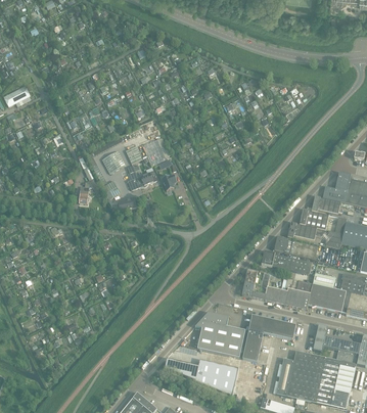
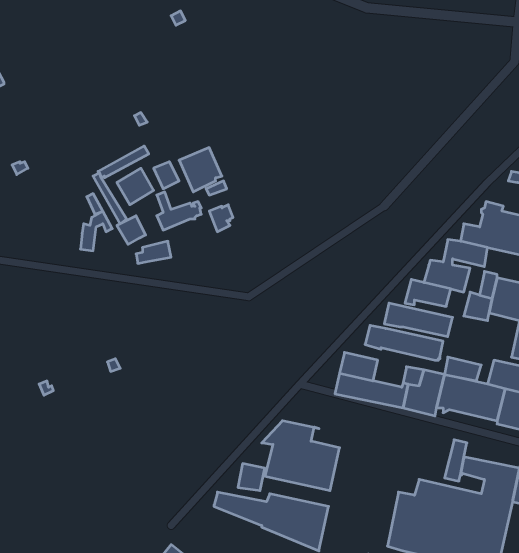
building: [242,315,296,362] -> none

